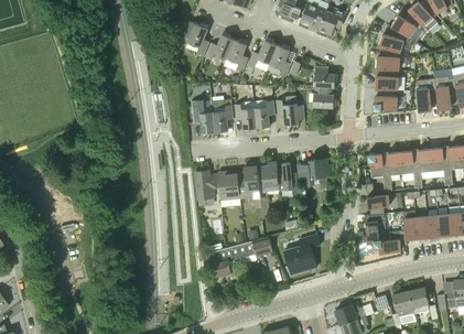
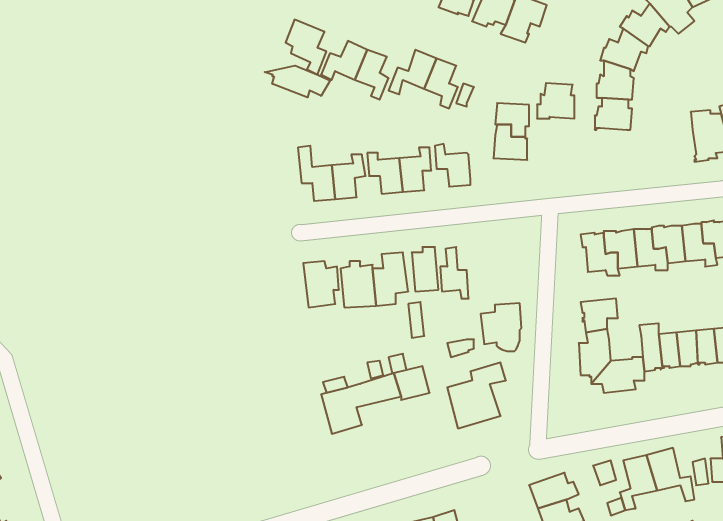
building: none -> [265,66,330,97]
building: [416,78,439,111] -> none
building: [374,88,397,110] -> [537,83,574,119]
building: [302,159,327,188] -> [481,303,521,351]

